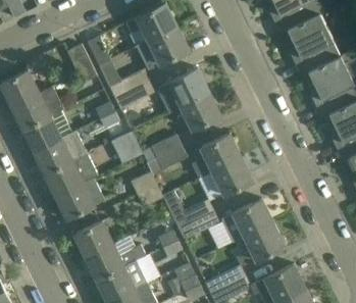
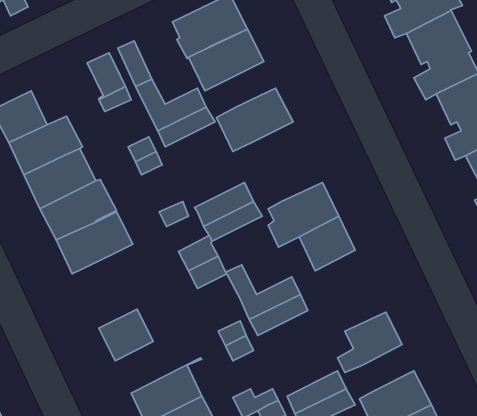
building: [181,92,220,130] -> none
building: [56,179,104,219] -> none
building: [220,199,273,243] -> none
building: [86,244,145,280] -> none

